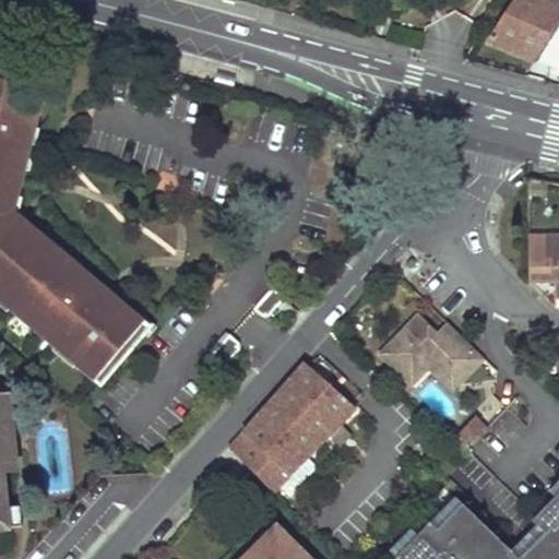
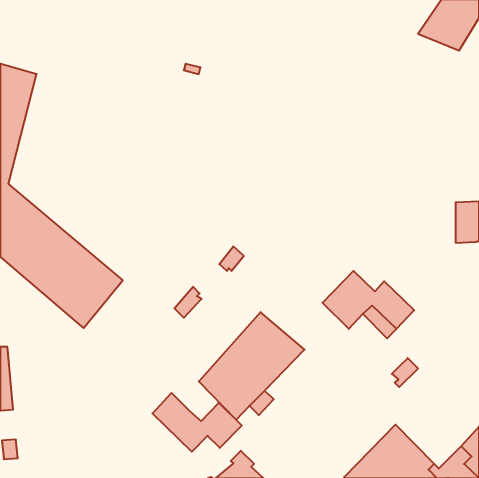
building: none -> [152,393,242,452]

